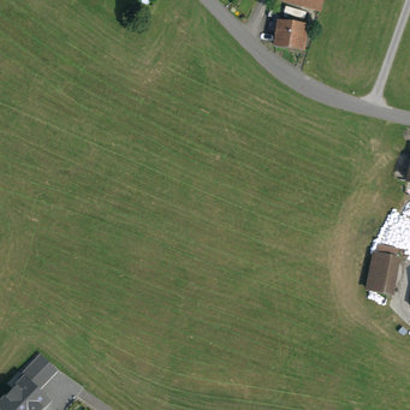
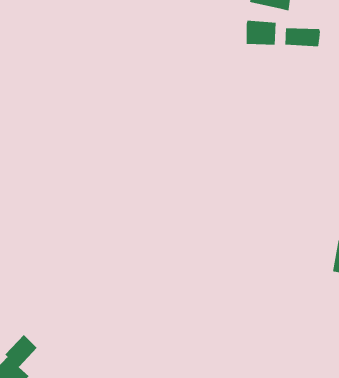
building: none -> [285,28,321,47]

